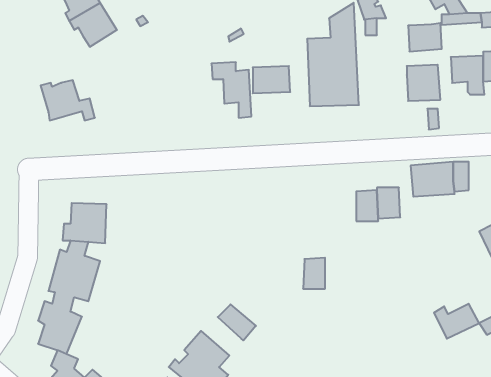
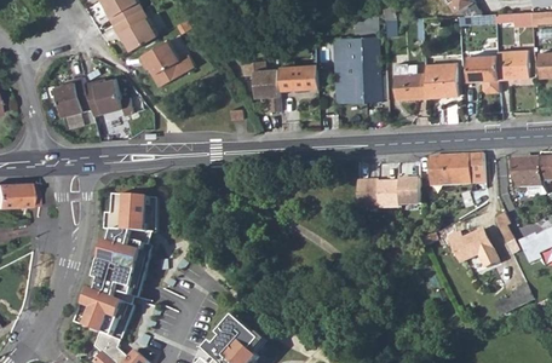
building: [408,23,442,51] -> [396,73,427,99]
building: none -> [136,35,194,81]
building: none -> [54,76,91,116]
building: [303,258,325,289] -> [358,180,379,209]
building: [434,304,479,339] -> [450,230,493,263]
building: [218,304,256,340] -> none

